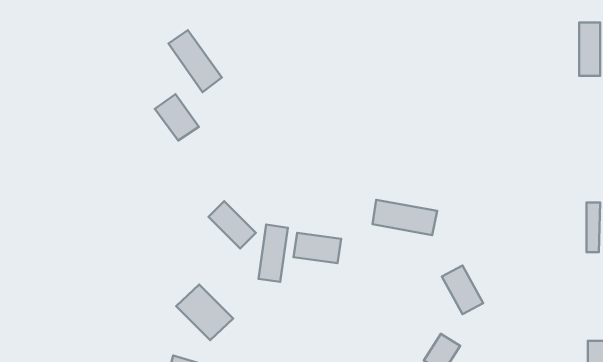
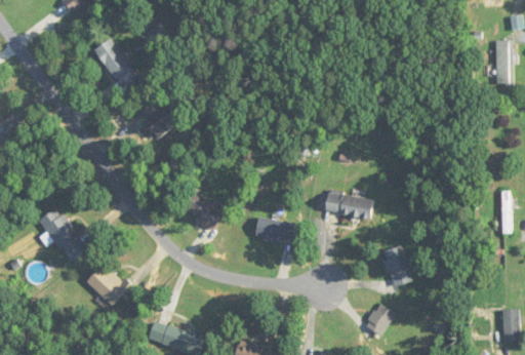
building: [168,30,222,92] -> [93,38,138,90]
building: none -> [40,207,85,263]
building: [259,225,288,282] -> none
building: [176,284,233,340] -> [85,262,133,309]

